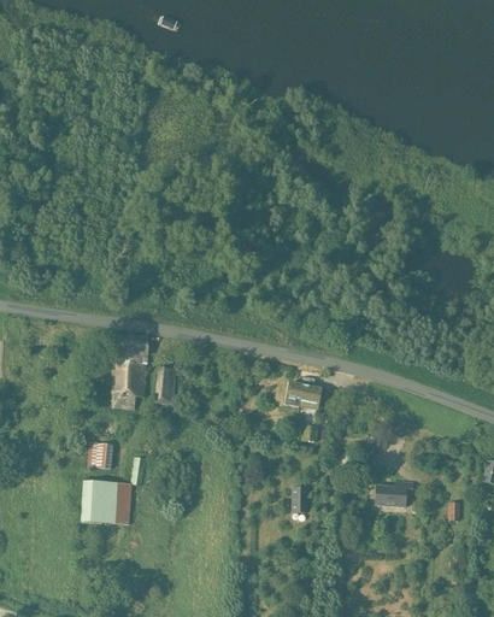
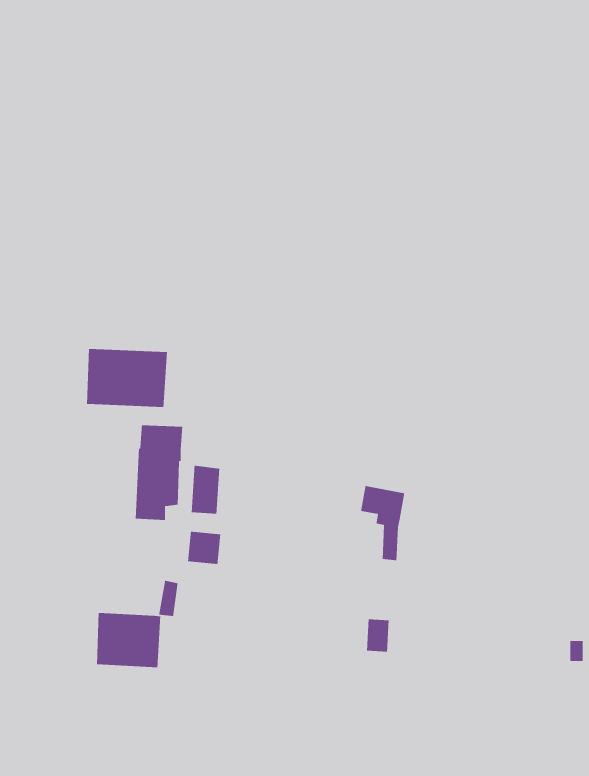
building: none -> [86,348,168,408]
building: [87,441,113,468] -> [187,531,221,565]
building: [375,482,412,507] -> none

